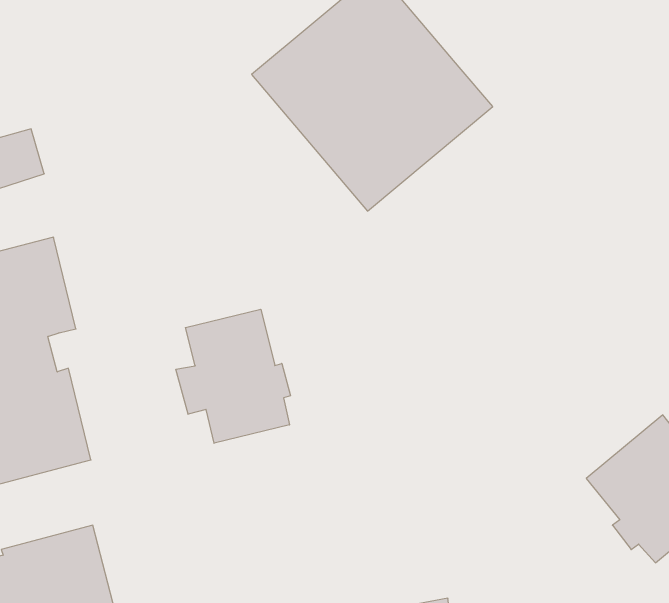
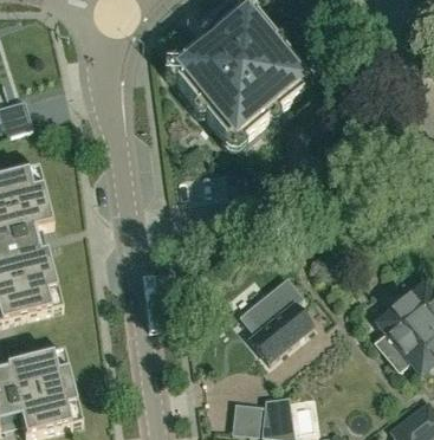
building: [176,309,291,443] -> none
building: none -> [242,277,313,361]

